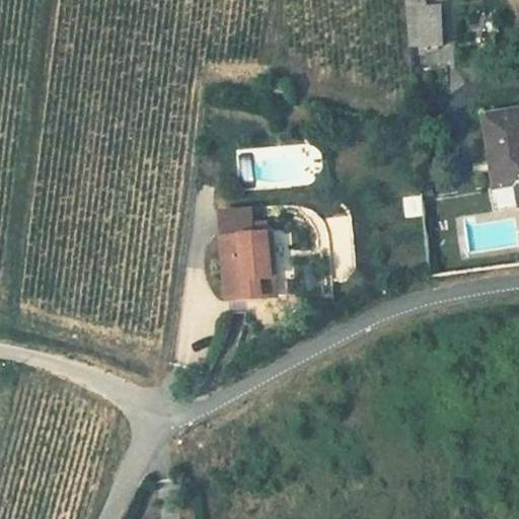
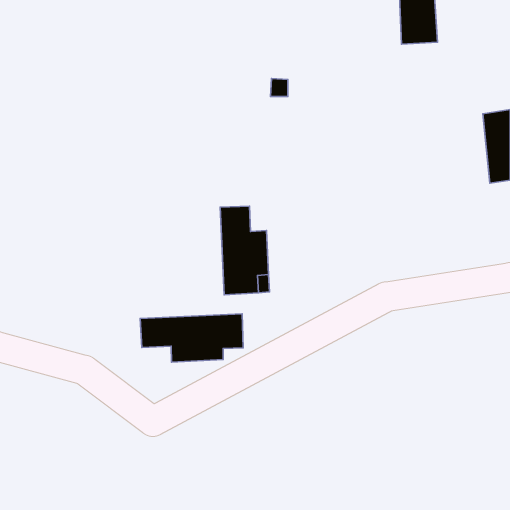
building: none -> [140,314,243,362]

